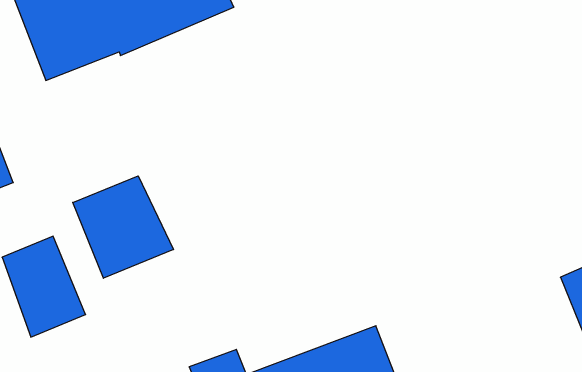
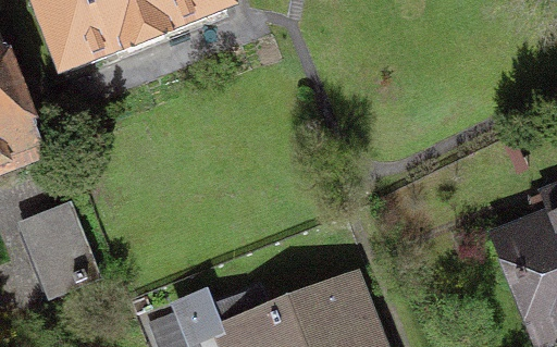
building: [73,176,173,278] -> none

